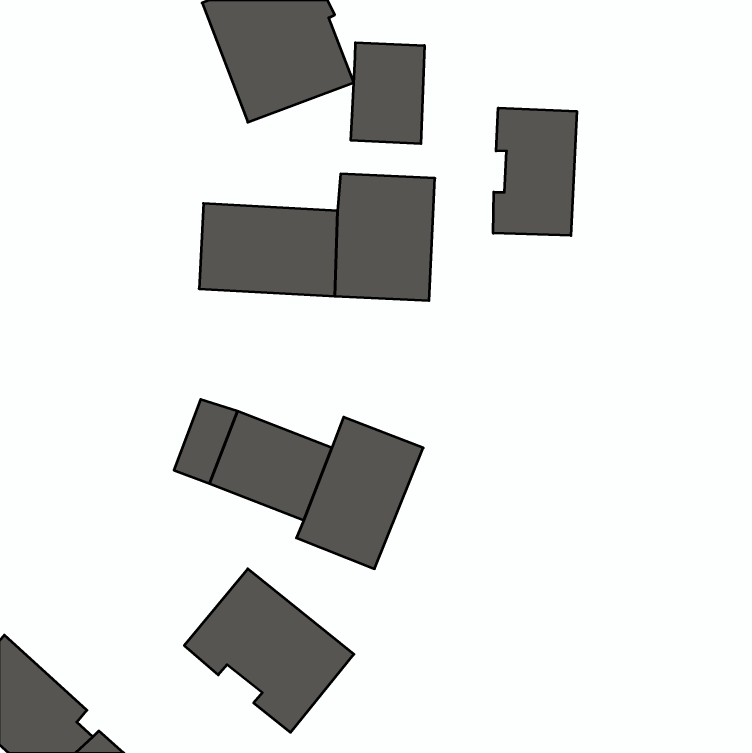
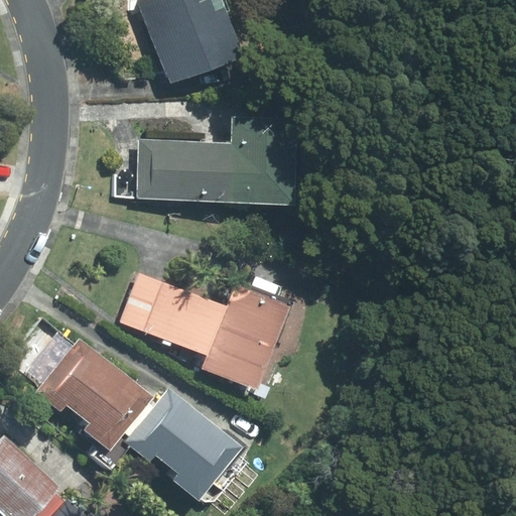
building: [351,43,424,144] -> none
building: [493,108,577,236] -> none
building: none -> [26,334,151,449]

